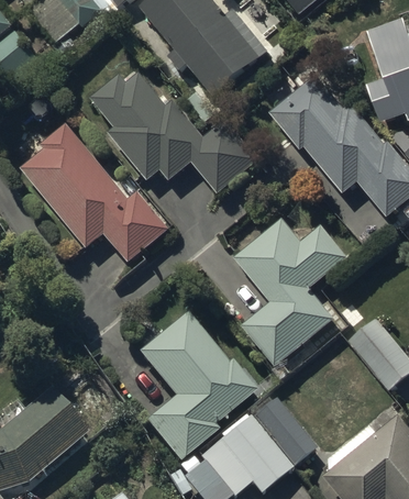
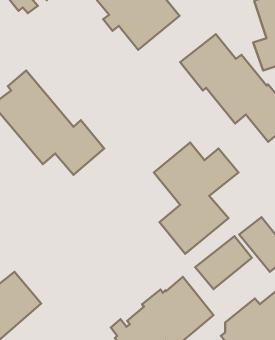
building: [90,71,257,191] -> none
building: [136,313,254,461] -> none
building: none -> [195,236,252,289]

